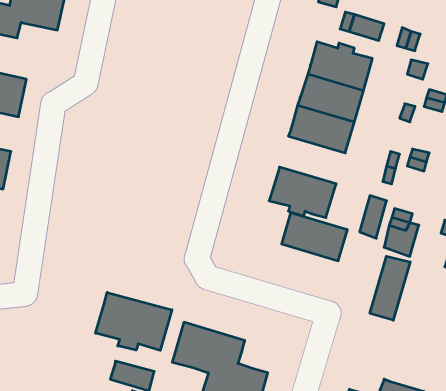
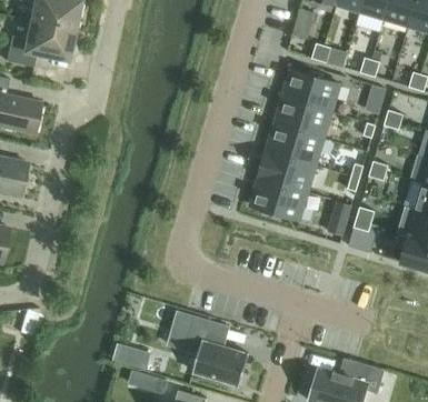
building: [282,213,347,261] -> [259,151,316,192]
building: [370,256,410,320] -> none
building: [96,292,172,350] -> none

